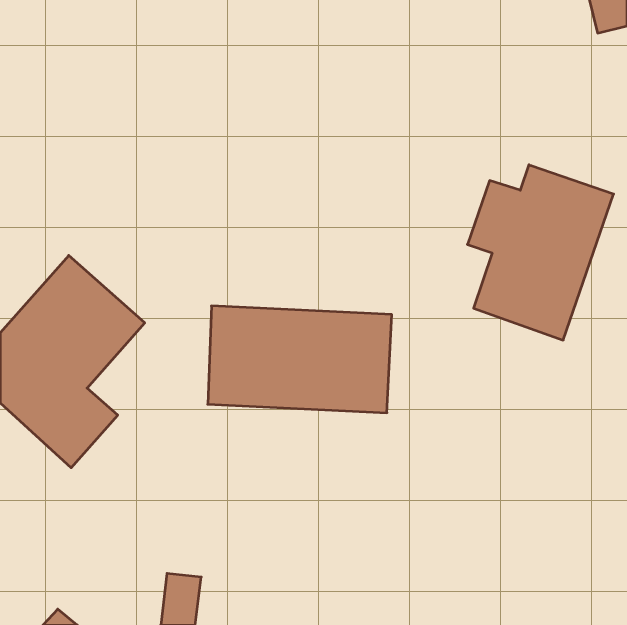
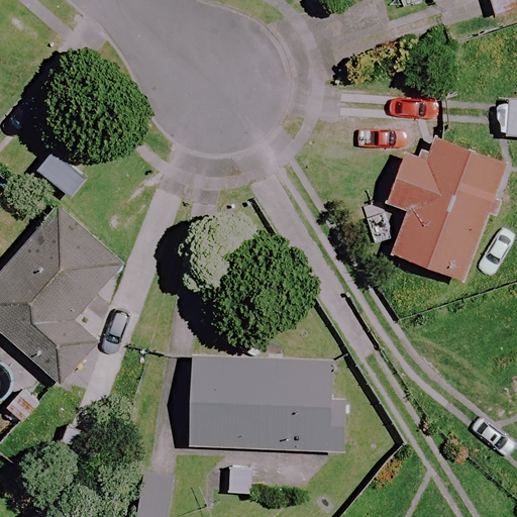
building: [208,306,392,413] -> [189,363,340,450]

